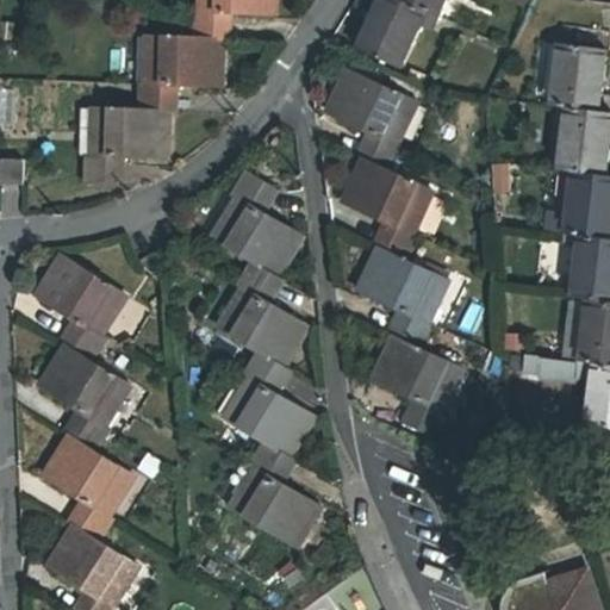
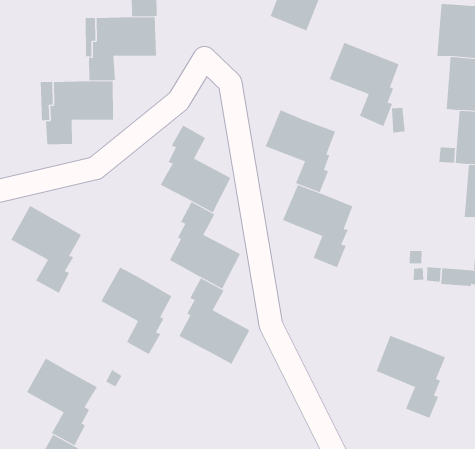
building: [326,69,411,172] -> [329,42,400,127]
building: [374,337,458,438] -> [376,335,446,419]
building: [39,346,124,452] -> [101,267,172,355]
building: [234,441,318,546] -> none

